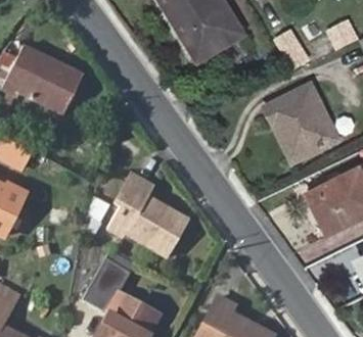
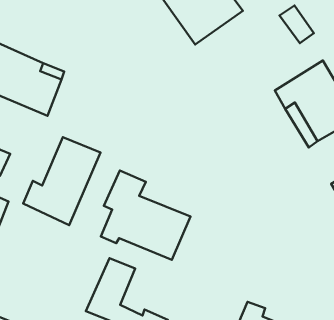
building: none -> [23,137,101,225]

